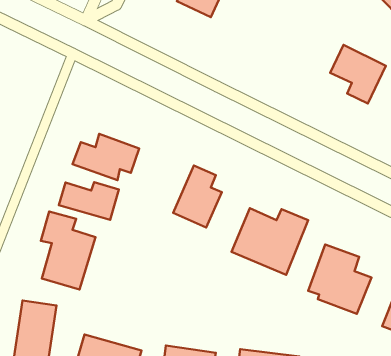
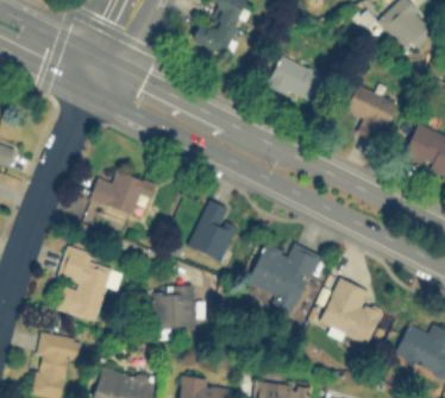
building: none -> [267,55,324,106]
building: [59,182,119,220] -> none
building: none -> [153,285,195,330]

